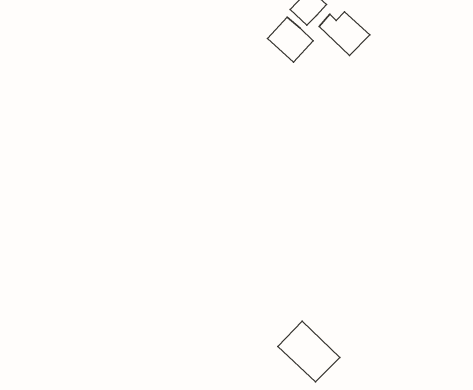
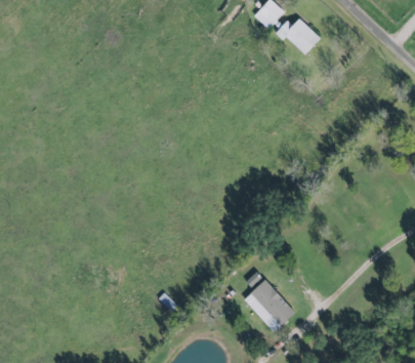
building: [268,17,313,62] -> none

